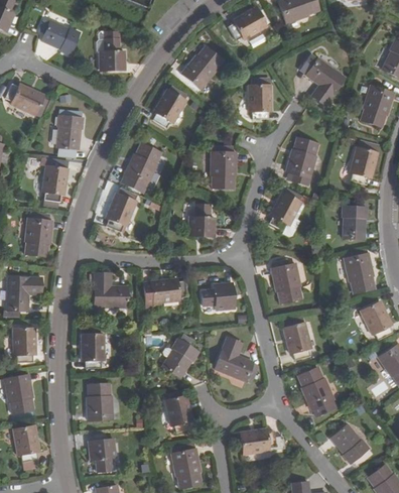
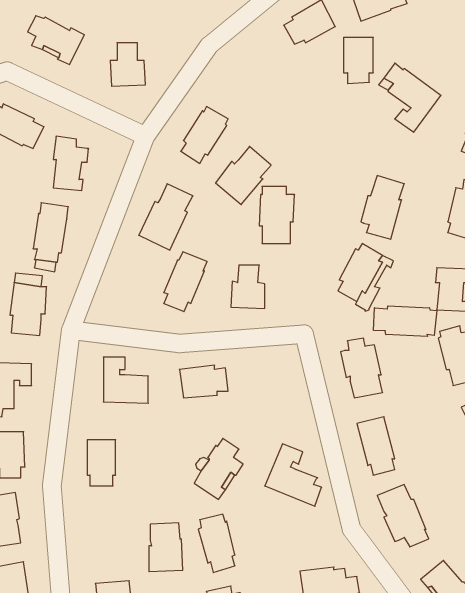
building: [180,46,222,90] -> [216,146,271,205]
building: [248,85,270,119] -> [344,37,373,84]
building: [105,188,137,232] -> [164,252,207,312]
building: none -> [374,306,437,336]
building: [201,282,234,310] -> none
building: [87,383,112,419] -> [149,523,183,572]

